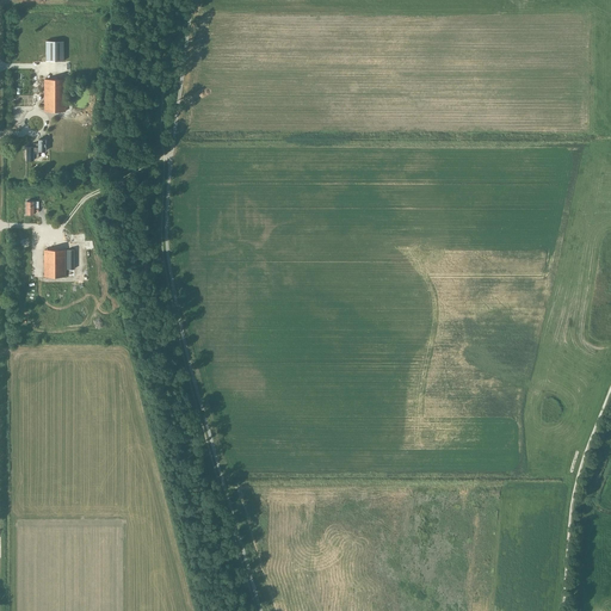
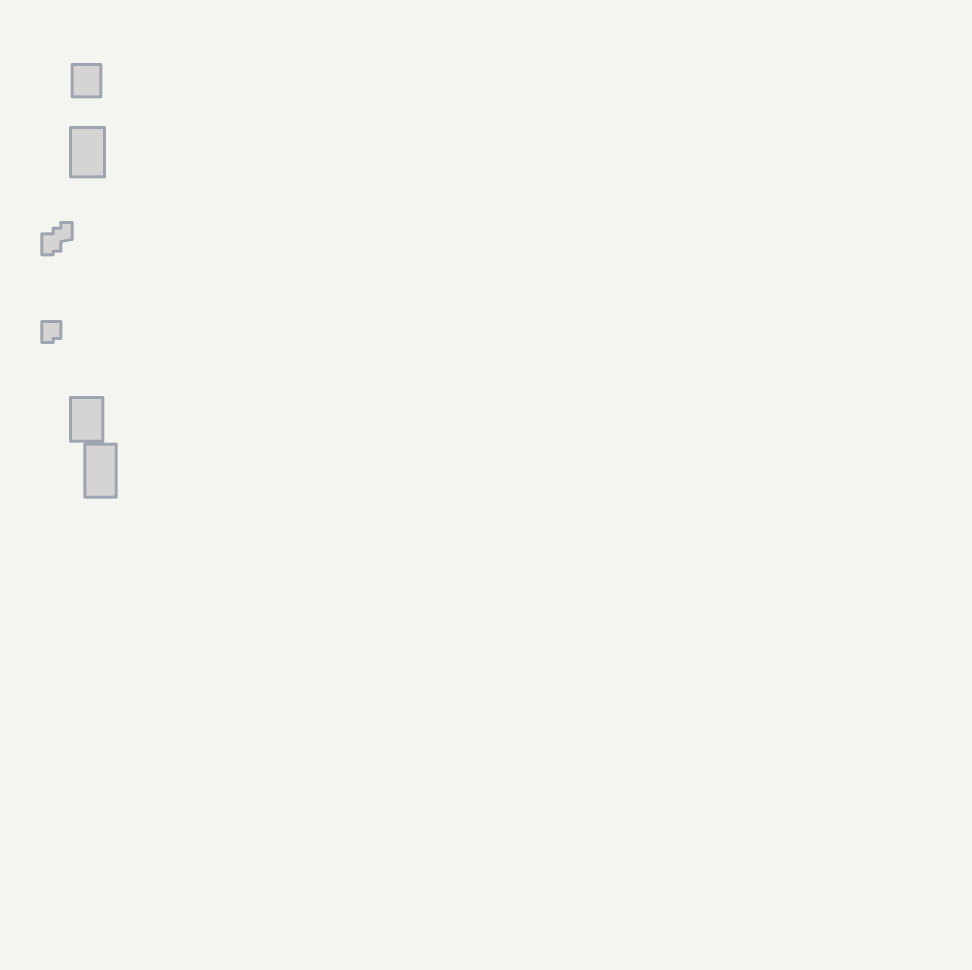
building: none -> [85,444,116,497]

